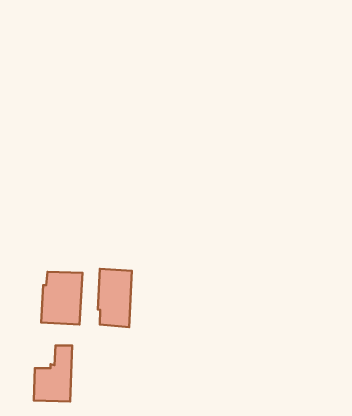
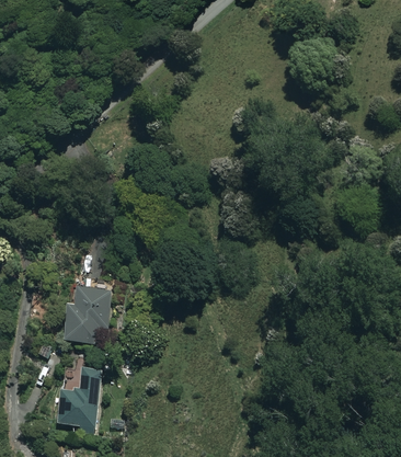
building: [98,269,132,327] -> none

